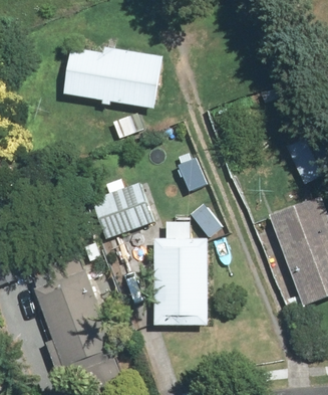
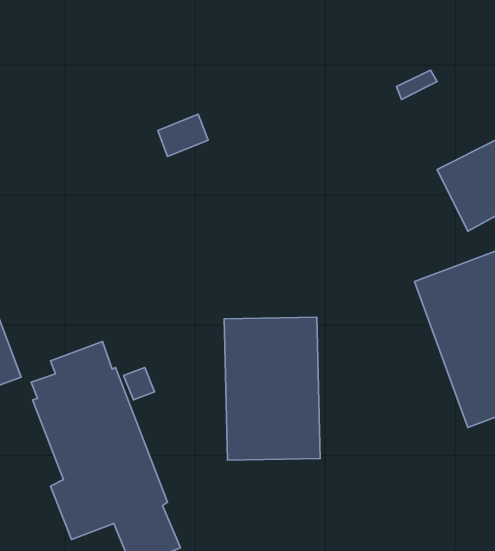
building: [62,45,165,108] -> none
building: [88,178,153,239] -> none

